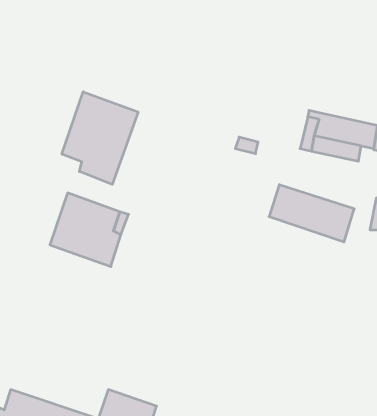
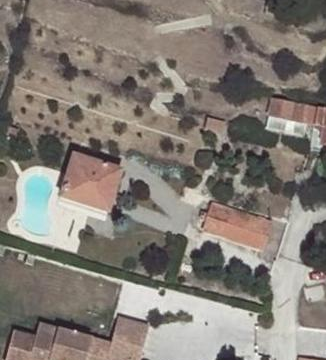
building: [62,92,138,184] -> none
building: [269,185,354,242] -> [204,204,271,249]

